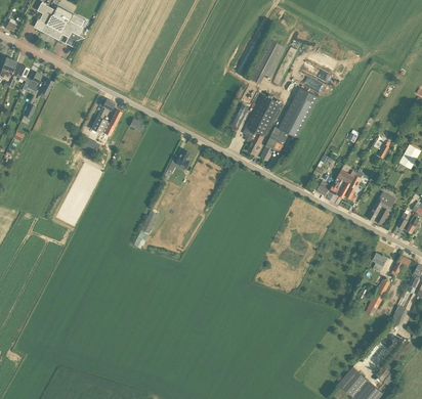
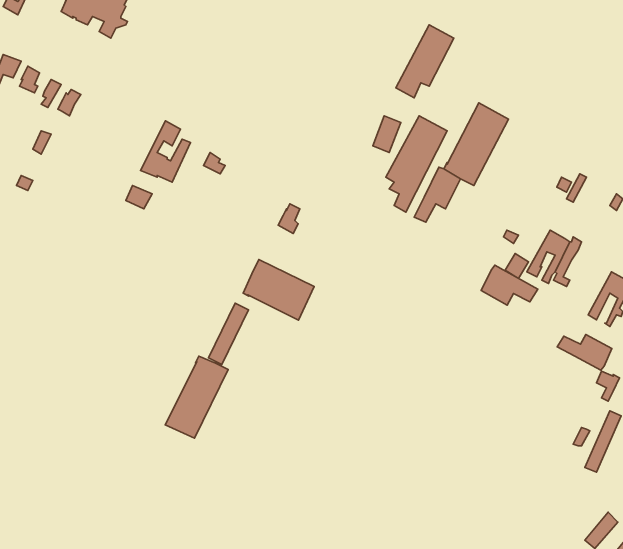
building: none -> [243,260,314,320]
building: none -> [481,265,538,305]
building: none -> [557,334,612,370]
building: none -> [165,356,228,438]

